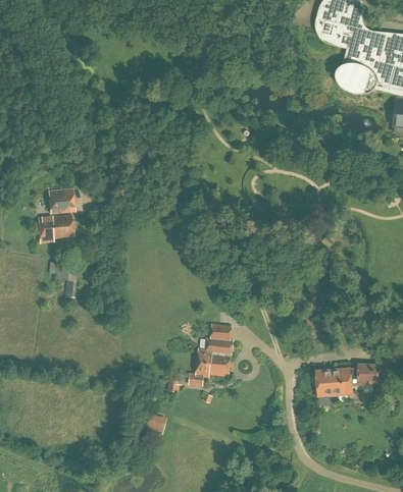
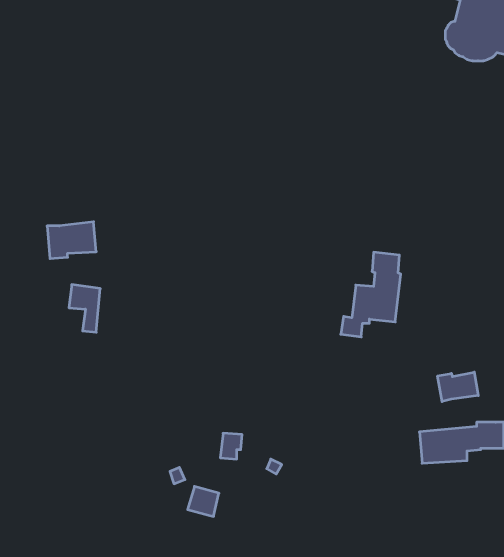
building: [47,188,73,214] -> none
building: [187,324,232,387] -> [341,252,401,337]
building: none -> [438,372,478,402]

